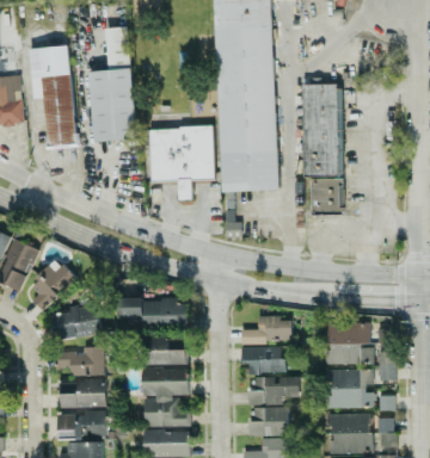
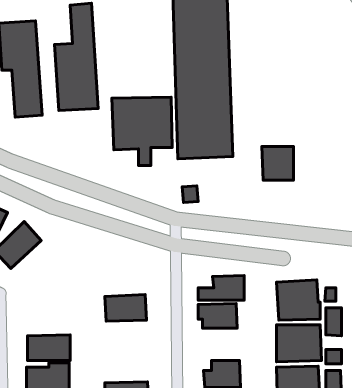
building: [302,83,340,175] -> none
building: [119,297,190,326] -> none
building: [53,305,102,339] -> none
building: [61,346,104,376] -> none
building: [142,367,191,426] -> none
building: [248,376,300,406] -> none

